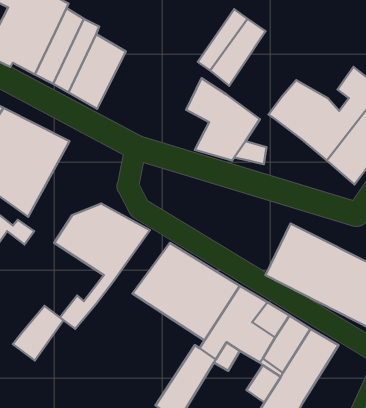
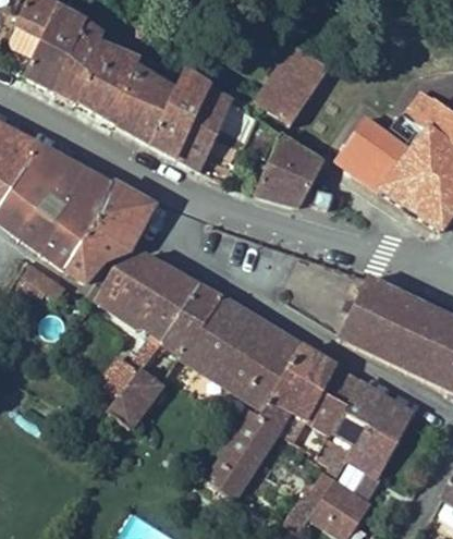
building: none -> [143,60,236,176]
building: none -> [64,183,154,282]
building: none -> [161,284,225,356]
building: [13,306,64,360] -> [106,368,163,430]

